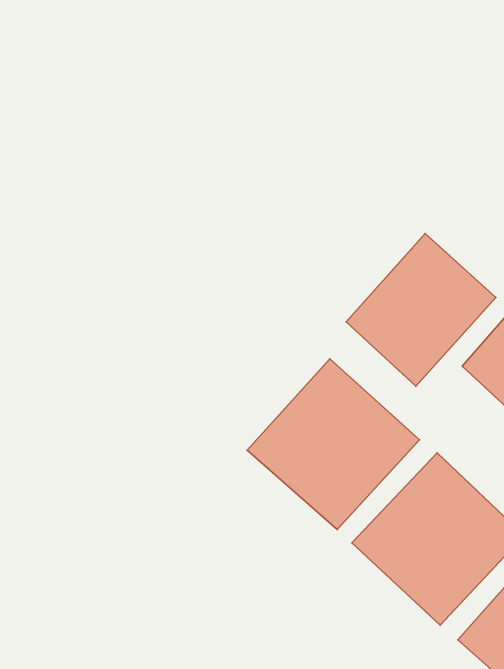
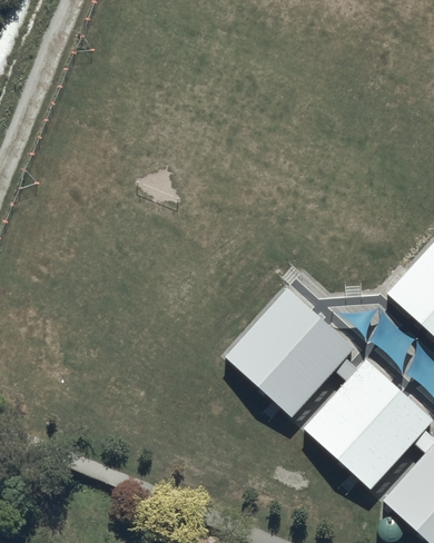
building: [346,234,496,386] -> none

